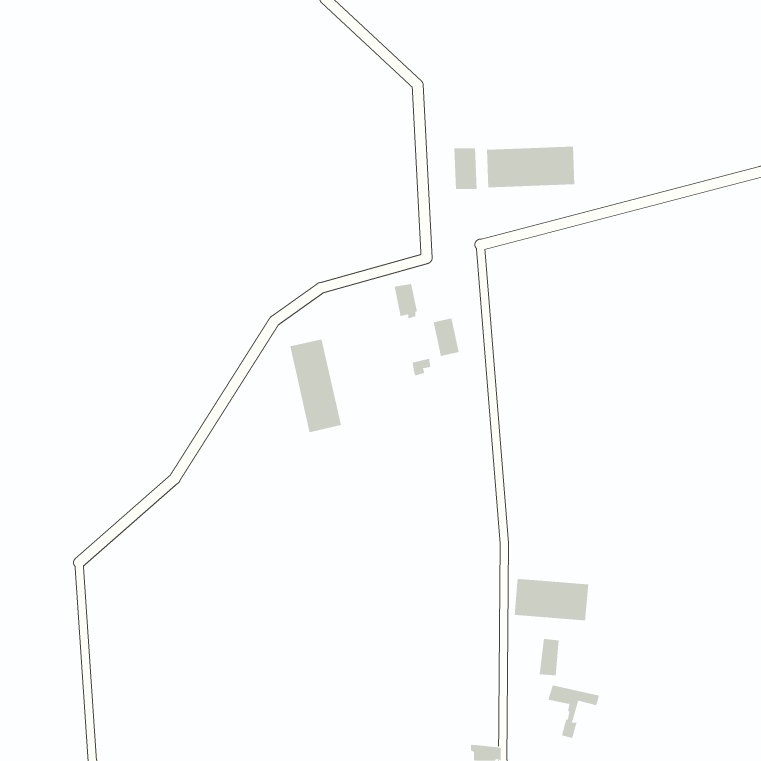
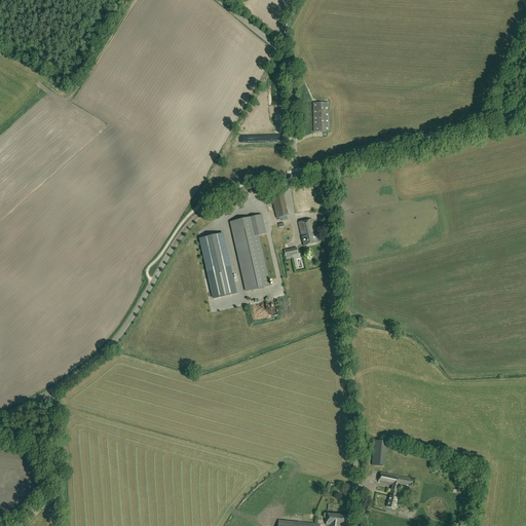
building: [486,146,575,188] -> none
building: none -> [230,214,269,290]
building: [514,578,589,621] -> none

